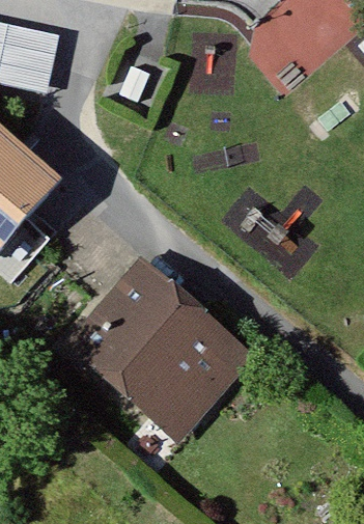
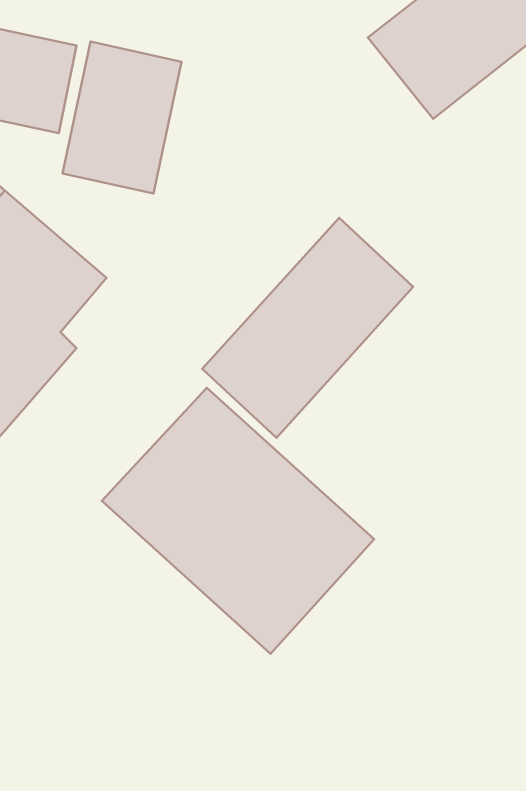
building: none -> [62,42,182,194]
building: none -> [202,218,413,438]

